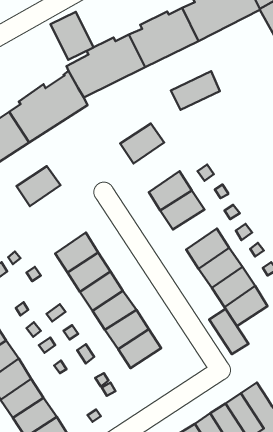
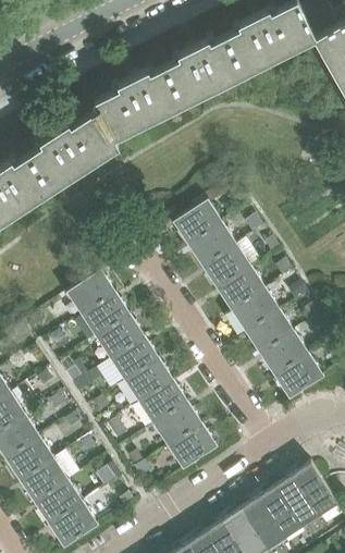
building: [50,12,93,60] -> none
building: [171,71,220,110] -> none
building: [120,123,164,164] -> [174,202,224,248]
building: [16,166,60,206] -> [67,272,118,318]
building: none -> [217,268,267,314]
building: [209,309,248,354] -> none
building: none -> [169,426,219,471]

